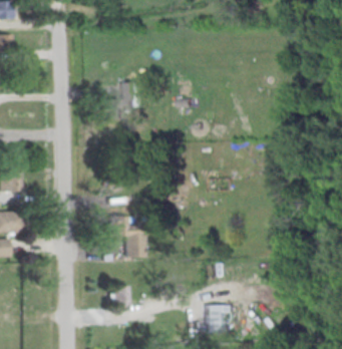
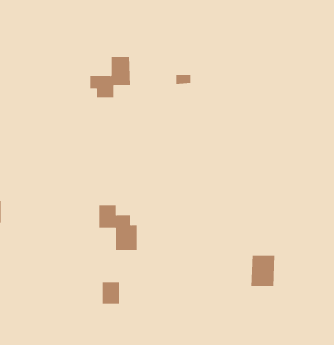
building: [207,305,229,333] -> [251,255,275,286]

